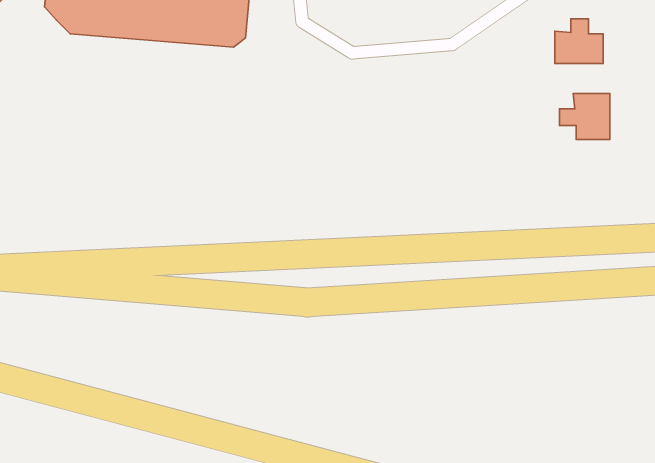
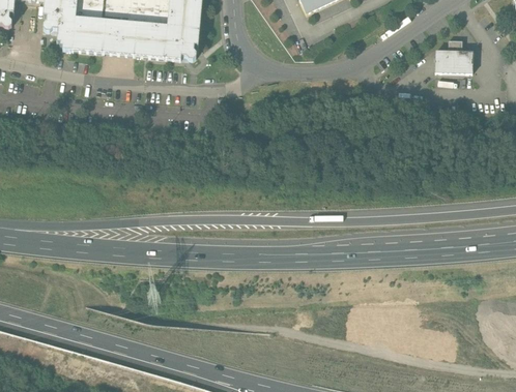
building: [560,94,610,139] -> none

